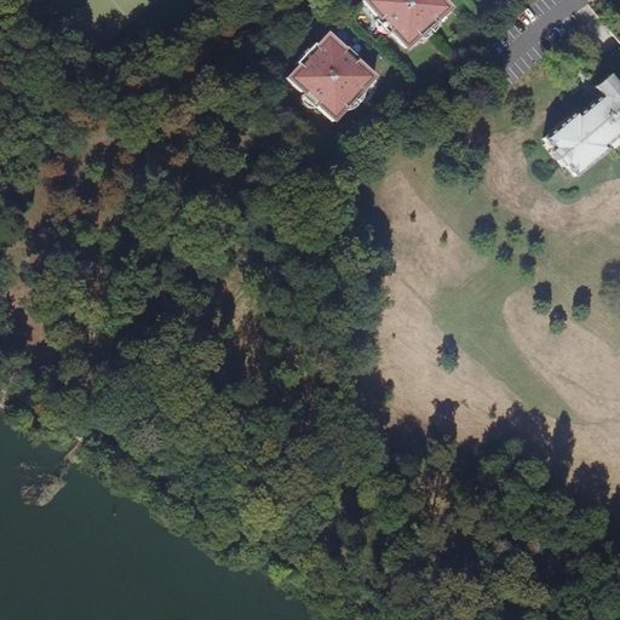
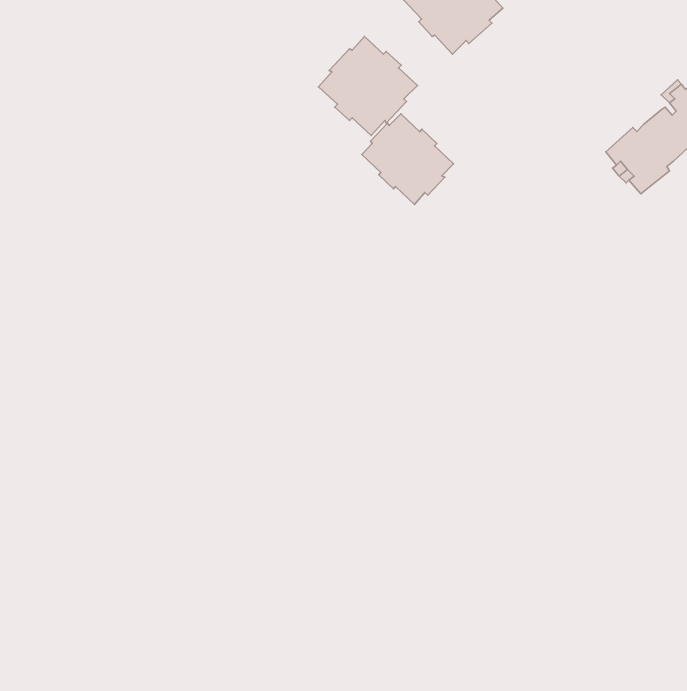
building: none -> [362,114,454,205]

